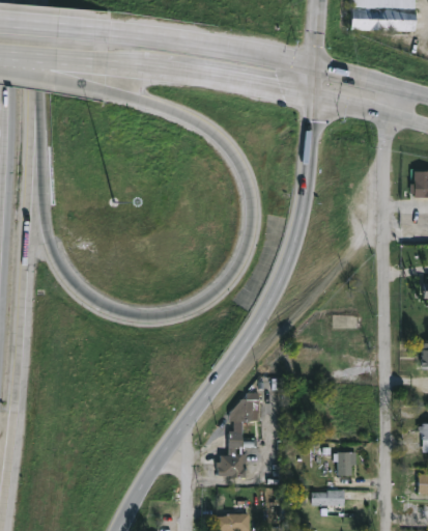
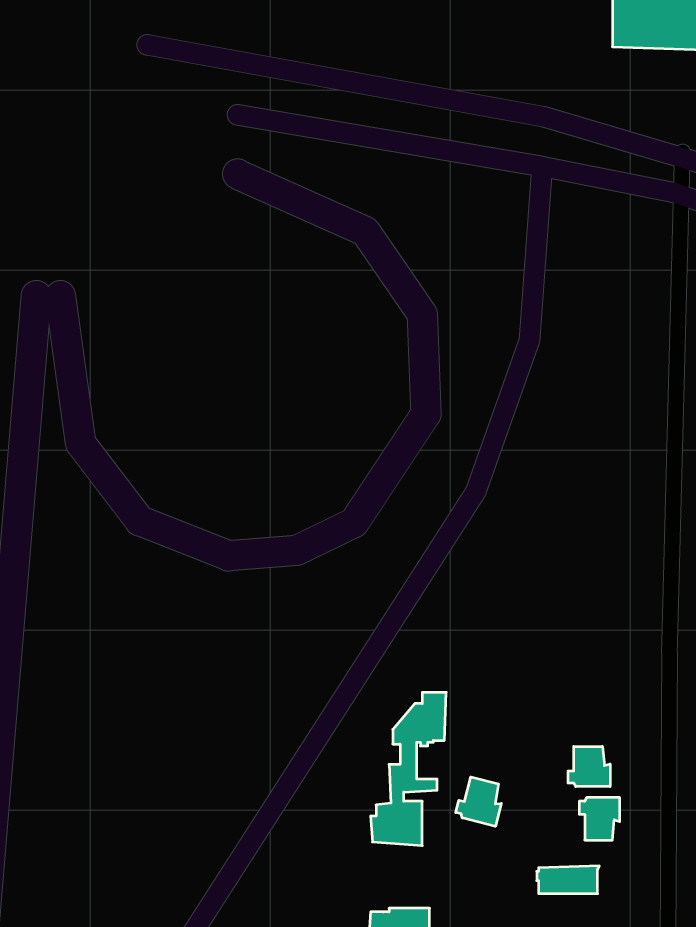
building: none -> [568,746,610,787]
building: none -> [456,777,501,826]

